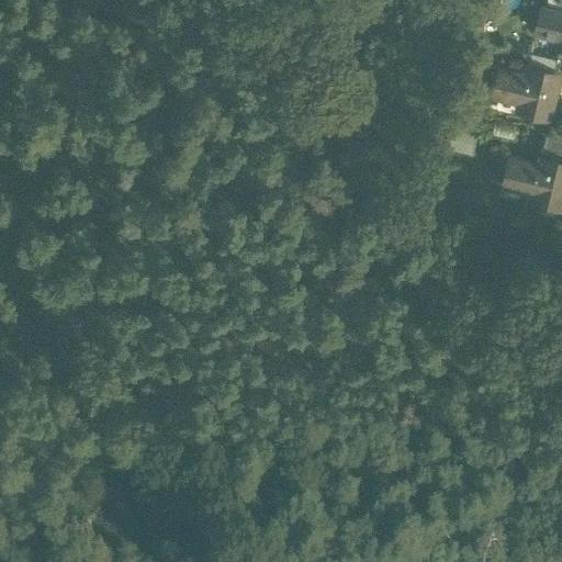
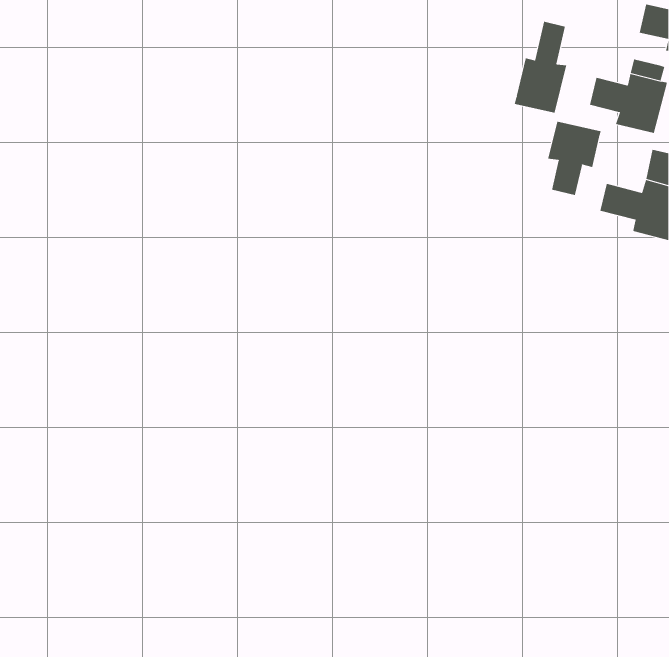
building: none -> [514,21,567,113]
building: none -> [548,121,601,196]

